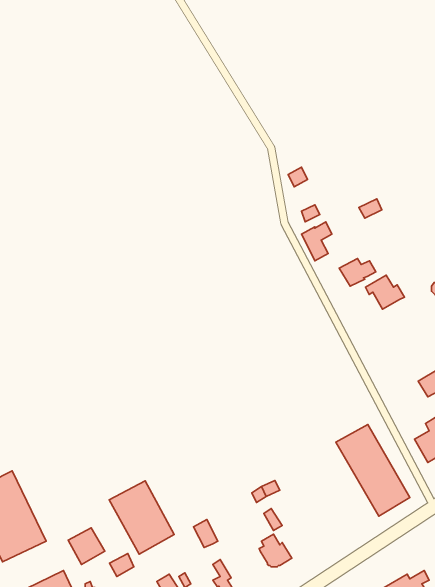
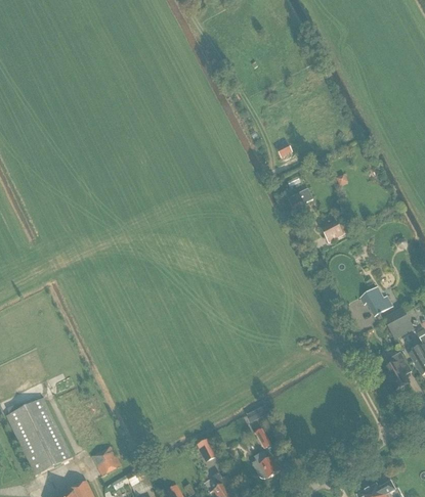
building: [366,275,404,309] -> [360,287,393,316]
building: [336,424,410,516] -> none
building: [109,481,174,554] -> none

